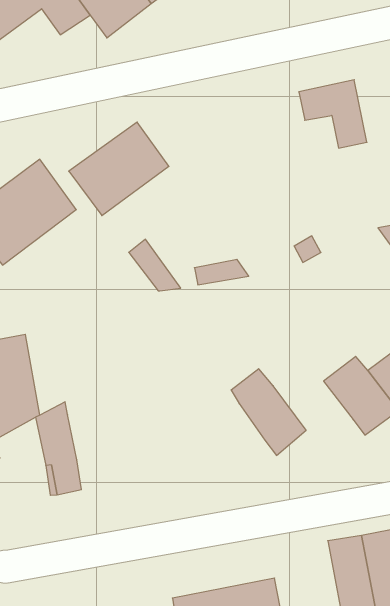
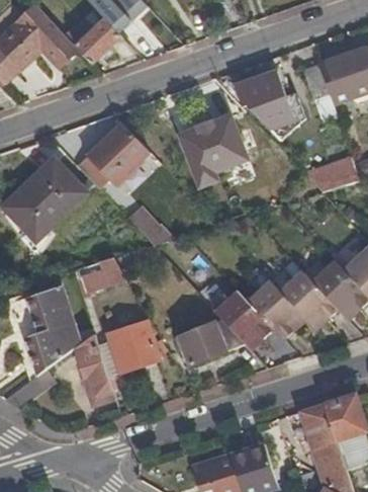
building: none -> [178,114,248,186]
building: none -> [74,257,126,293]
building: none -> [246,279,307,341]
building: none -> [98,319,160,375]
building: none -> [180,318,245,363]

